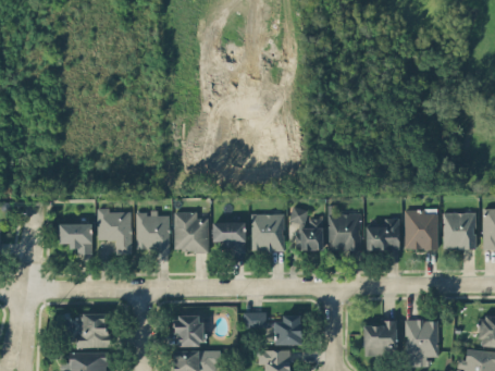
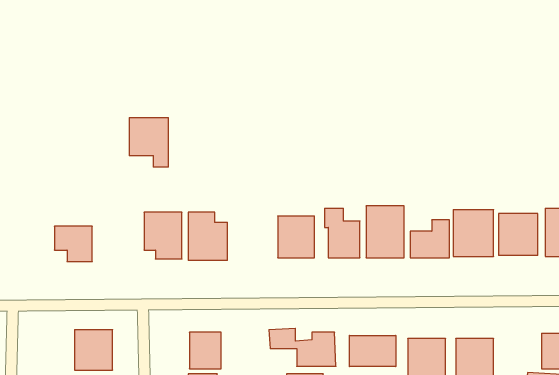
building: [97,209,131,251] -> [129,118,168,167]
building: [211,222,245,252] -> none
building: none -> [349,335,396,367]

